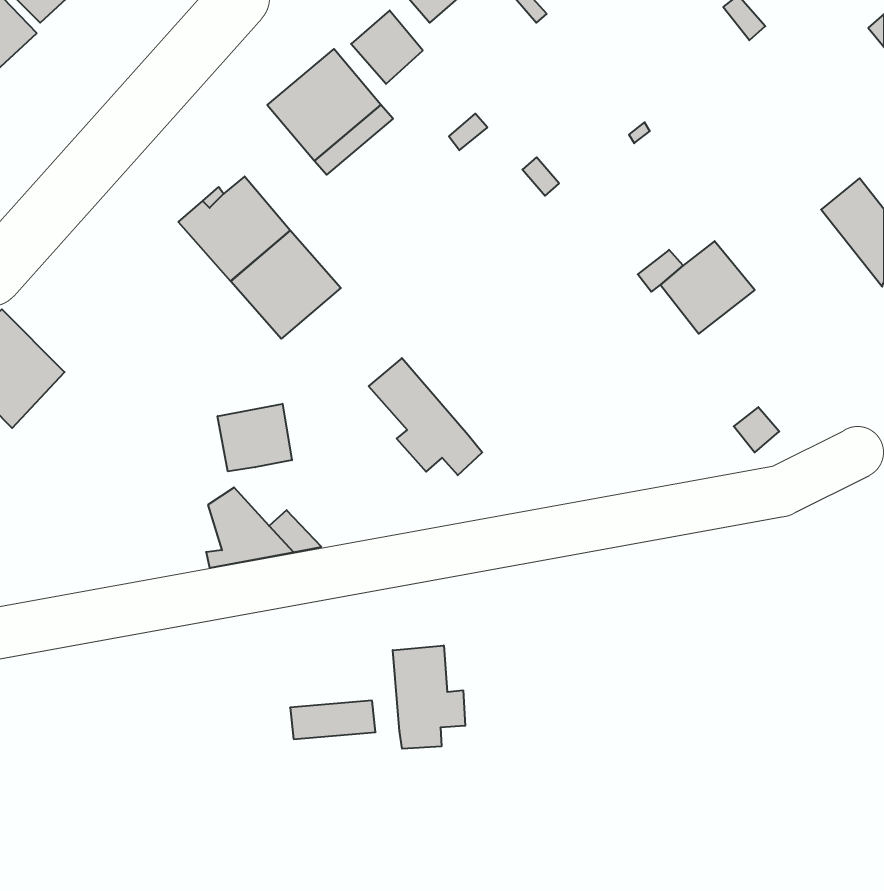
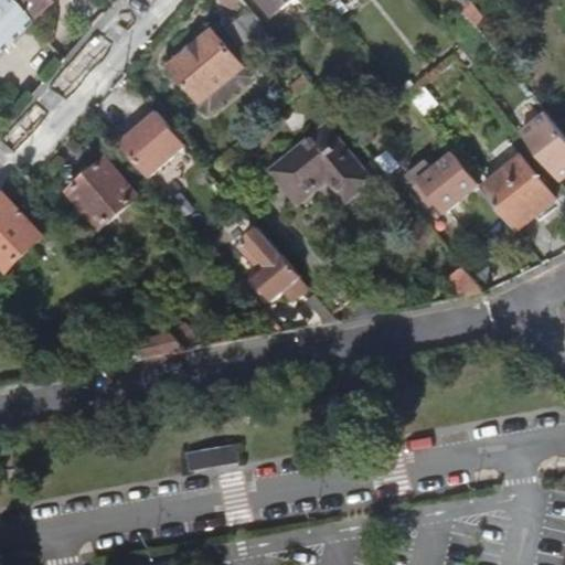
building: none -> [269,127,369,203]
building: [231,230,341,339] -> [67,160,137,228]
building: none -> [480,156,552,228]
building: [218,404,292,471] -> none
building: [393,645,465,749] -> none

